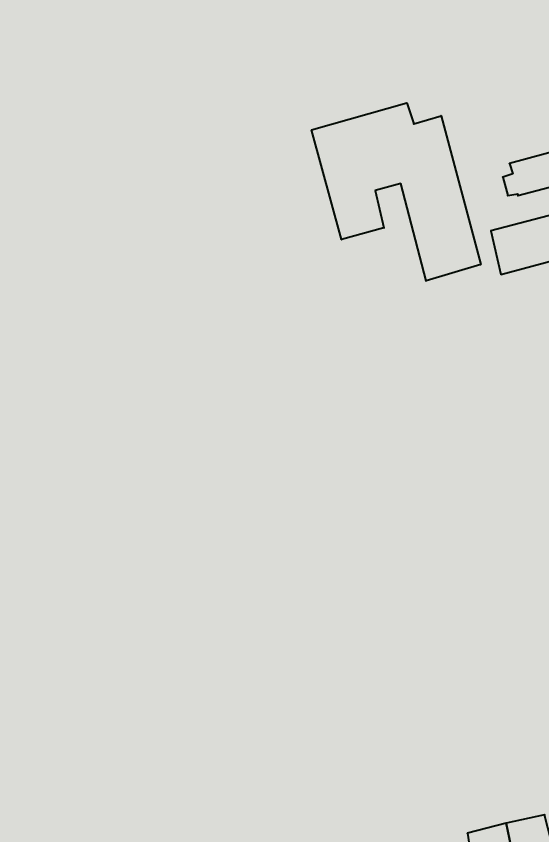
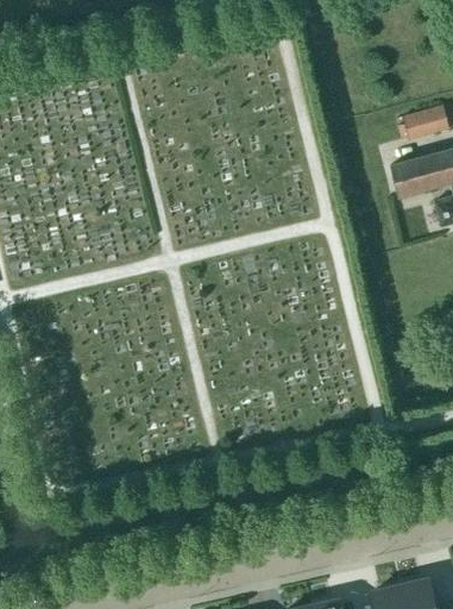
building: [312,103,481,281] -> none

